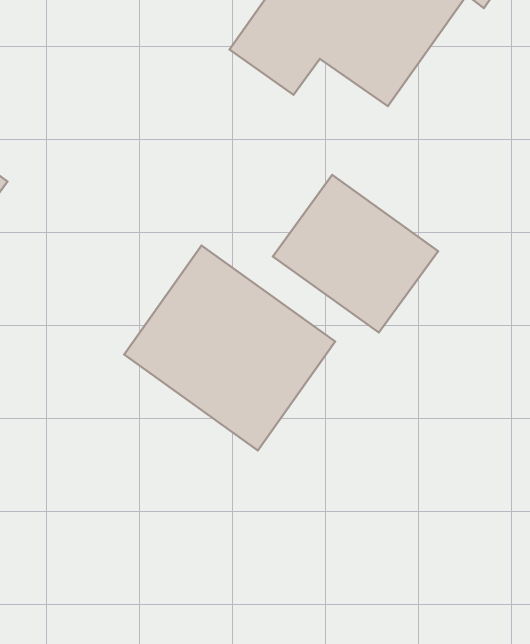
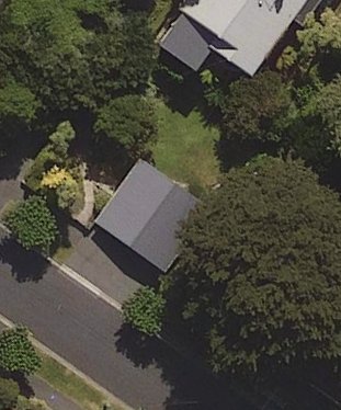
building: [273,175,438,333] -> none

